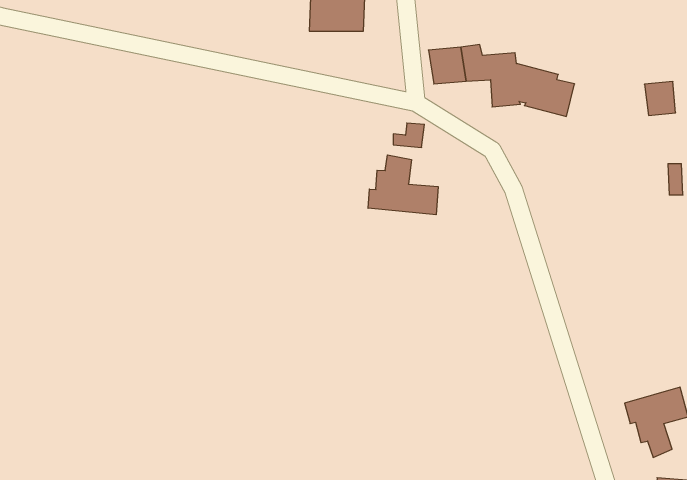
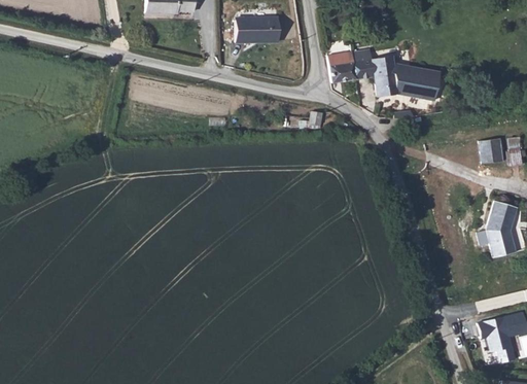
building: [644,82,676,115] -> [482,135,505,161]
building: [368,155,438,215] -> none
building: none -> [481,202,520,255]

